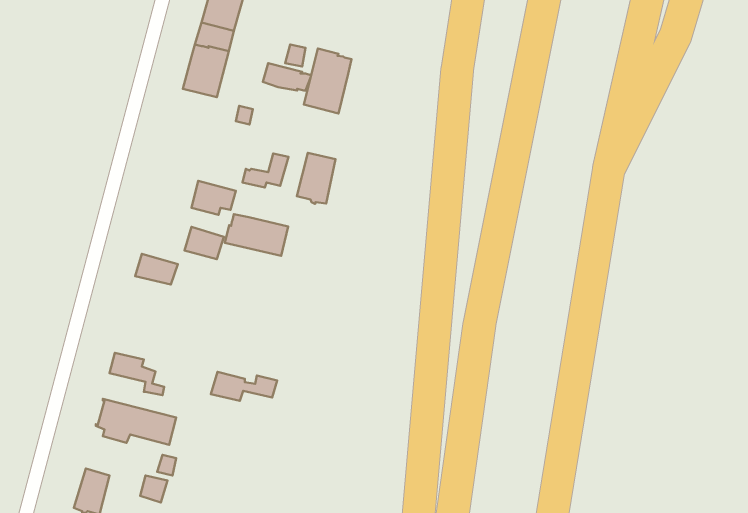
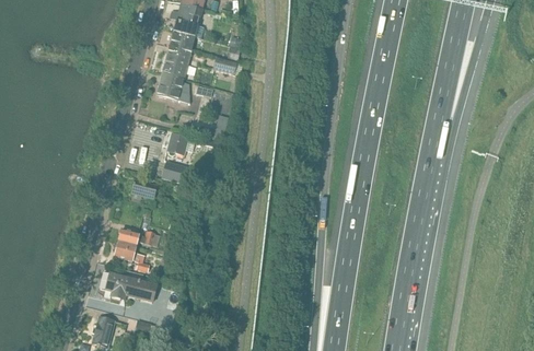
building: [304,48,351,113] -> none
building: none -> [155,73,189,103]
building: [297,153,336,204] -> none
building: [225,214,288,256] -> none
building: [211,372,277,401] -> [117,229,160,247]

